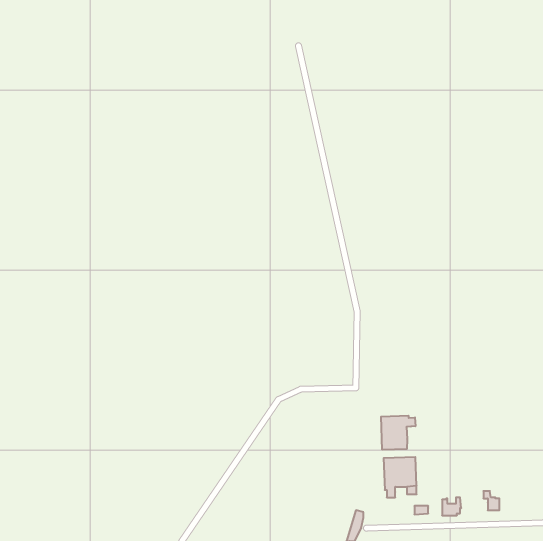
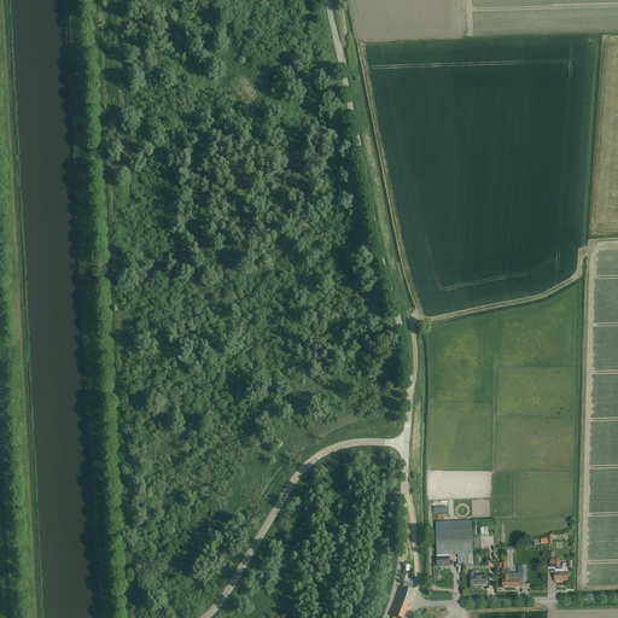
building: [381,416,415,450] -> none

